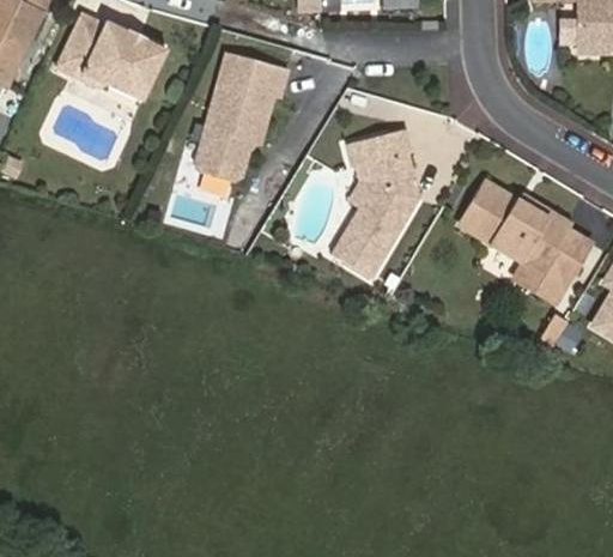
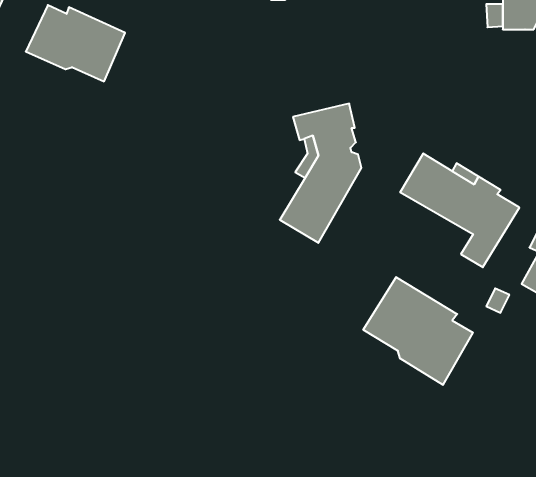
building: [195,55,289,182] -> none
building: none -> [363,277,473,385]

